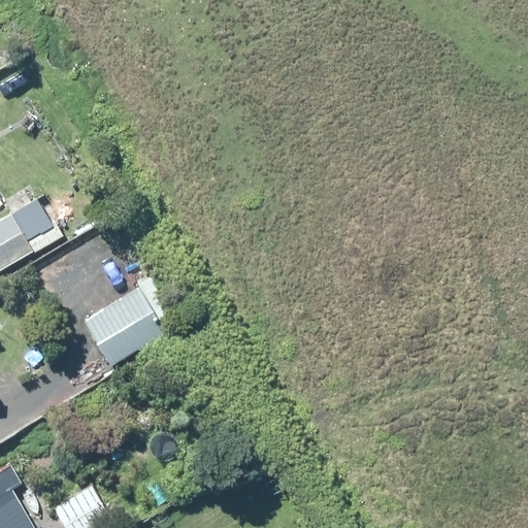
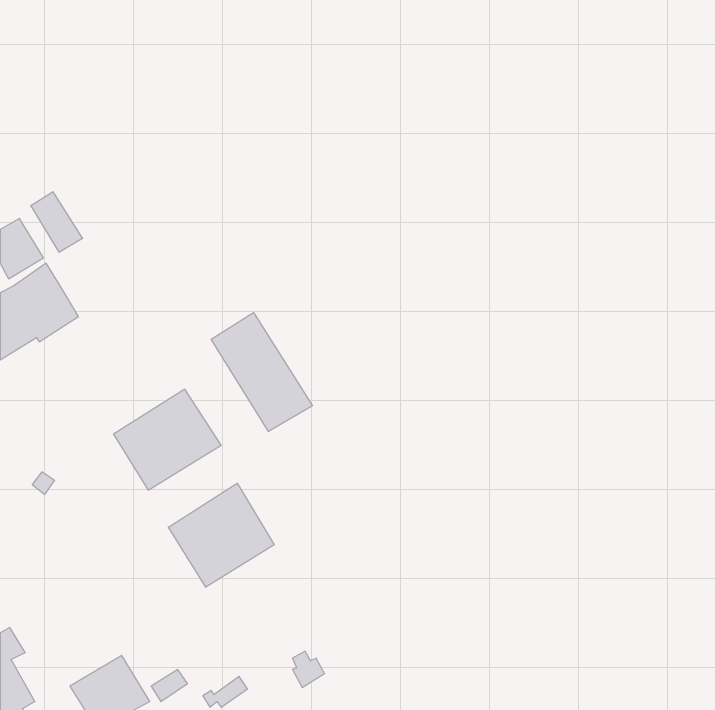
building: none -> [211,313,312,432]
building: none -> [168,483,274,587]

